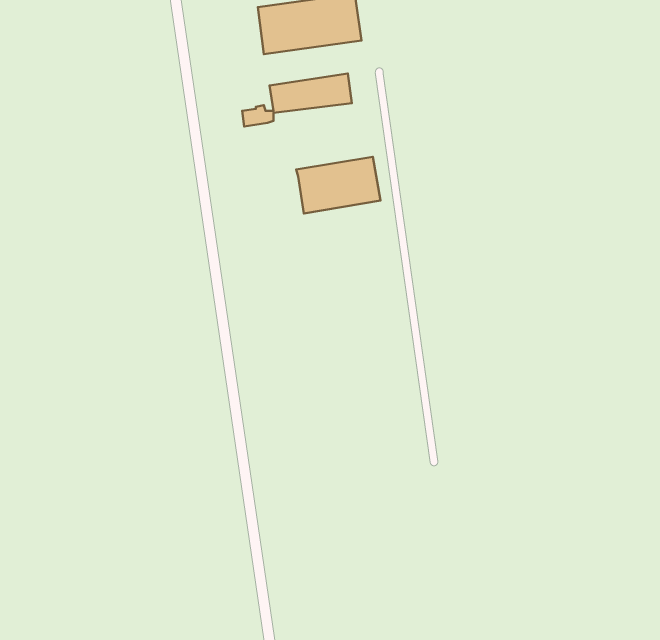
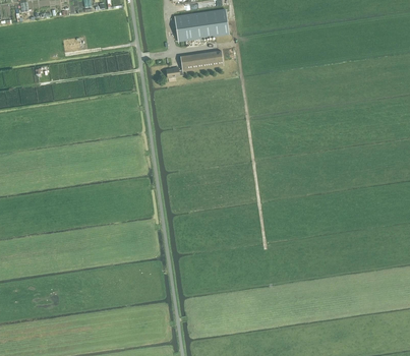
building: [296,157,381,213] -> none

